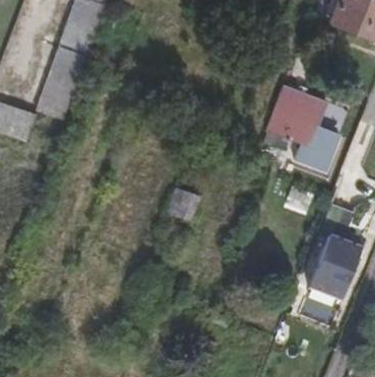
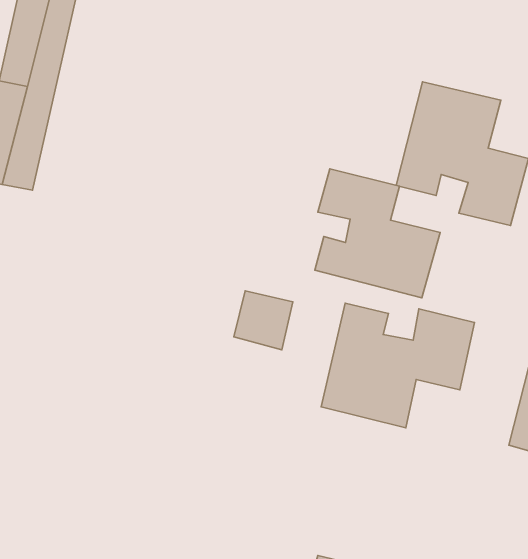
building: none -> [315,169,440,298]
building: none -> [321,303,475,428]

